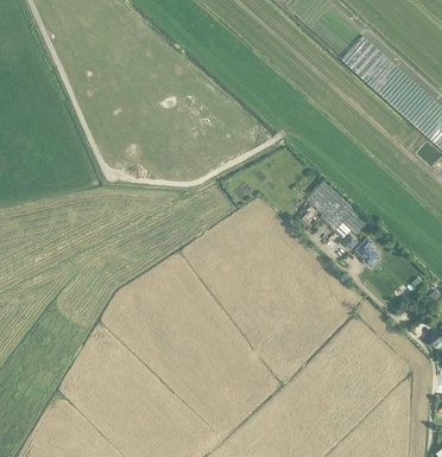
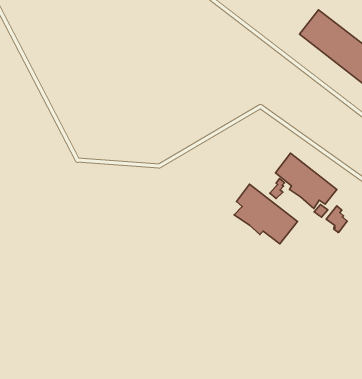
building: none -> [234,184,298,244]

